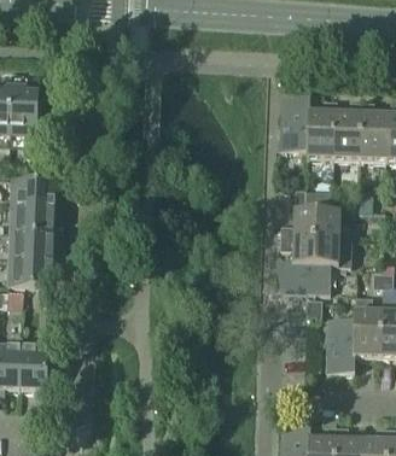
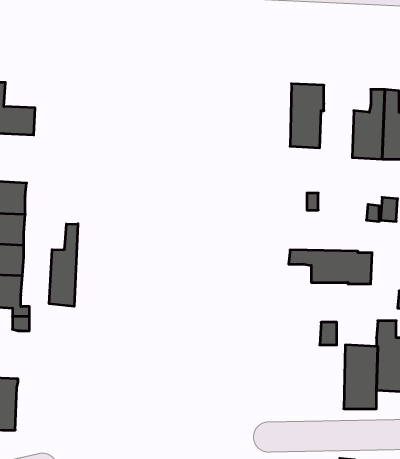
building: [305,99,336,158] -> none
building: [280,210,339,238] -> none
building: none -> [49,224,78,306]
building: [275,262,330,292] -> none

